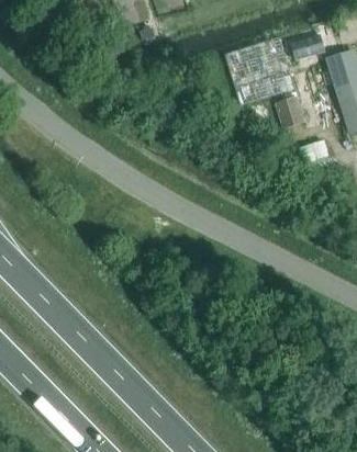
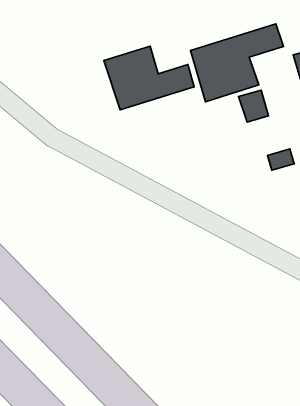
building: none -> [104,46,194,110]

